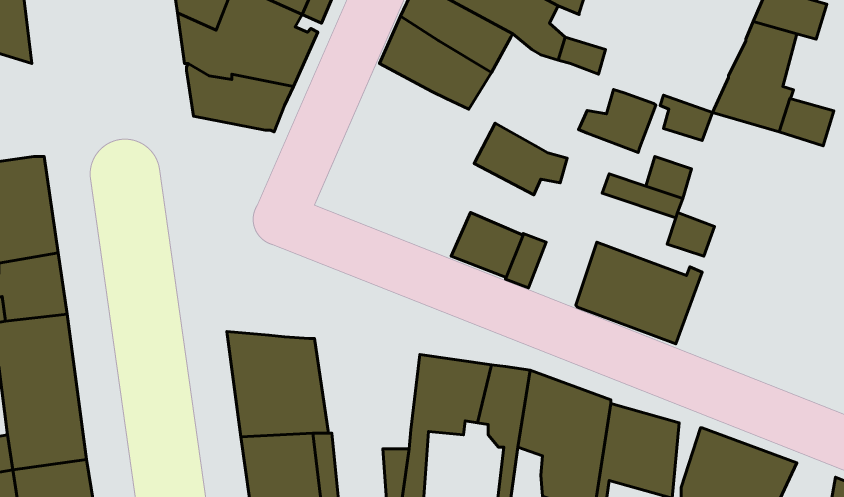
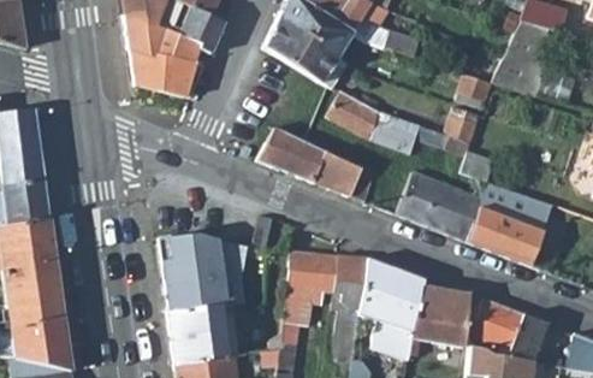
building: [578,89,656,152] -> [369,114,422,158]
building: none -> [259,126,327,182]
building: none -> [468,183,544,266]

